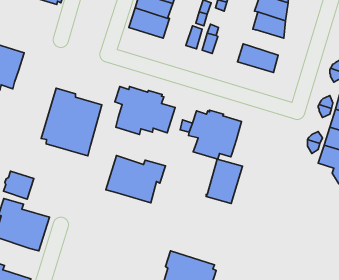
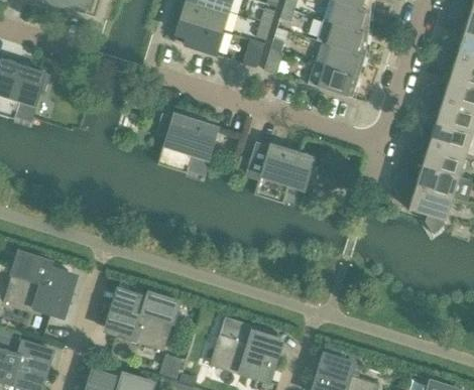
building: none -> [324,44,365,76]
building: [41,88,102,156] -> none
building: [106,155,166,203] -> [105,288,179,347]
building: [206,159,242,203] -> none
building: [4,171,34,199] -> none

